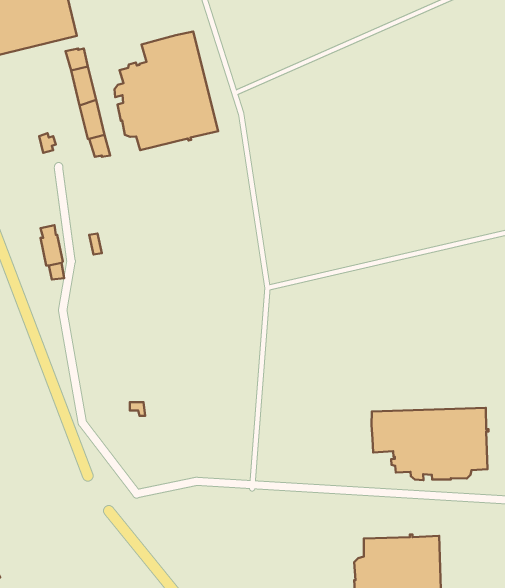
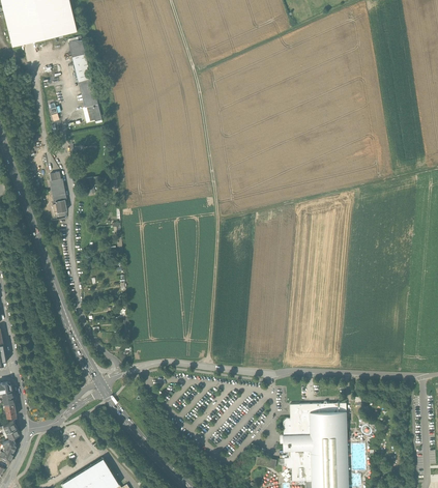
building: [114,32,218,150] -> none
building: [371,408,489,480] -> none

